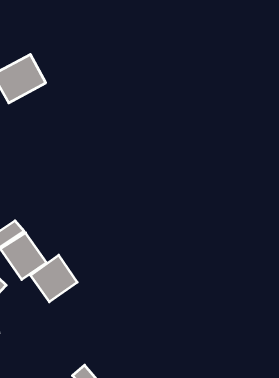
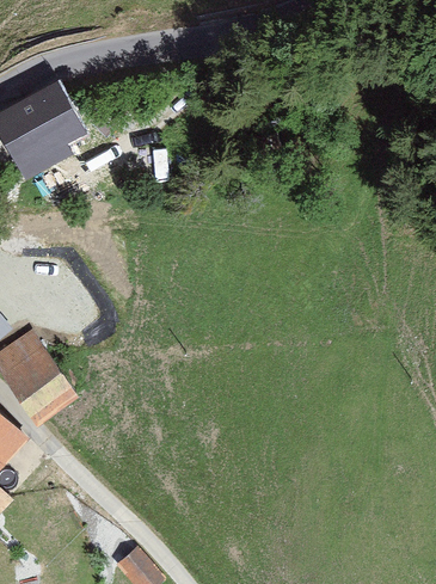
building: [31,255,77,302] -> none

